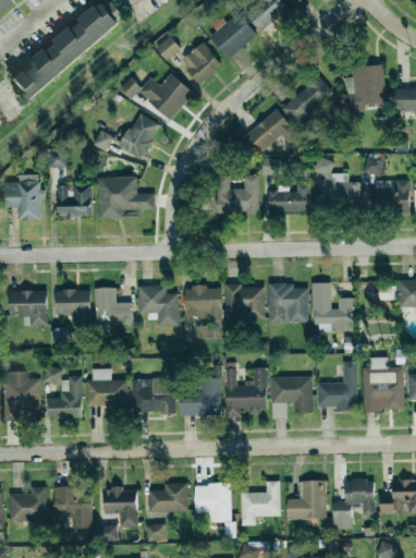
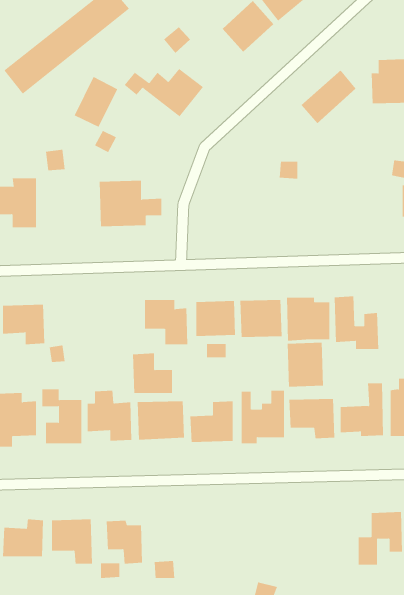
building: [181,43,222,84] -> none
building: [247,109,303,151] -> none
building: [120,112,160,159] -> [74,76,118,127]
building: [314,159,360,205] -> none
building: [215,175,259,214] -> none
building: [268,183,309,214] -> none
building: [57,186,91,218] -> none
building: [95,288,132,325] -> [132,353,173,393]
building: [54,290,91,326] -> none
building: none -> [287,342,323,388]
building: [286,481,326,520] -> none
building: [241,482,280,525] -> none
building: [148,483,188,512] -> none
building: [195,484,231,522] -> none

